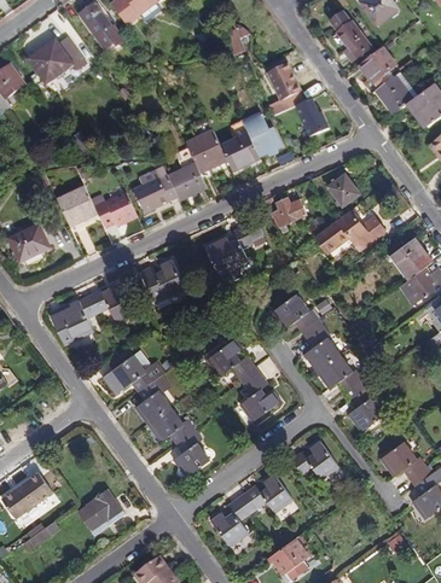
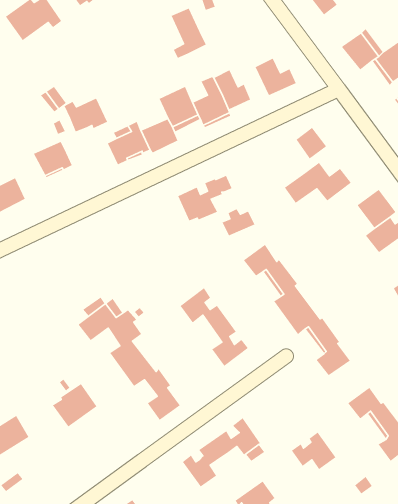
building: [360,47,396,88] -> none
building: [267,63,304,116] -> [170,7,207,59]
building: [92,191,138,227] -> [64,97,108,133]
building: [271,197,306,226] -> [222,208,256,236]
building: [140,257,184,301] -> none
building: [50,282,133,344] -> none
building: [291,439,338,479] -> [291,432,336,470]
building: [77,489,124,535] -> [52,383,98,428]

